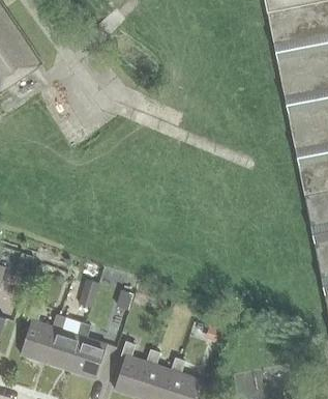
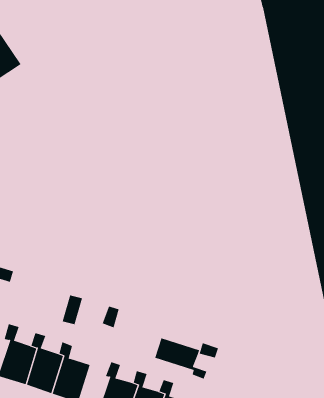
building: none -> [154,337,207,379]

